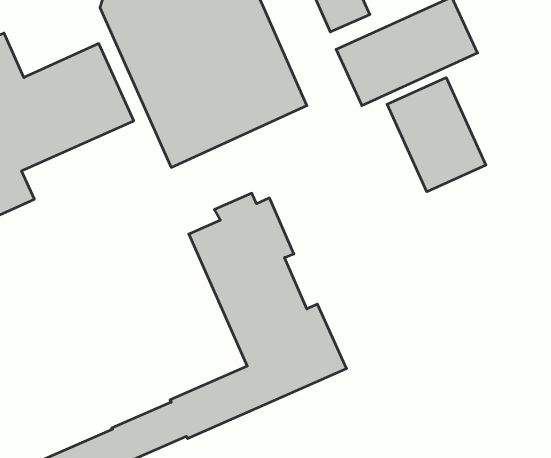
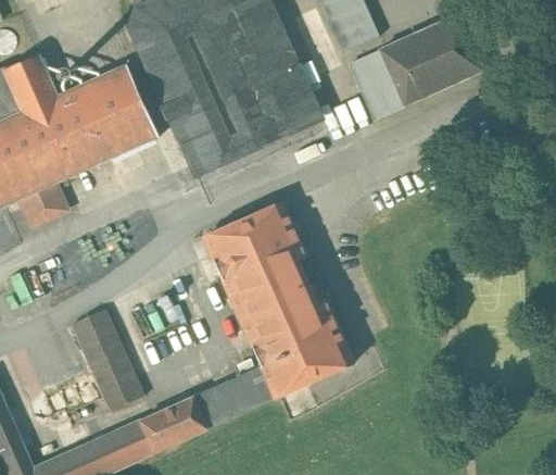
building: [387,78,486,192] -> none
building: none -> [72,309,142,409]

